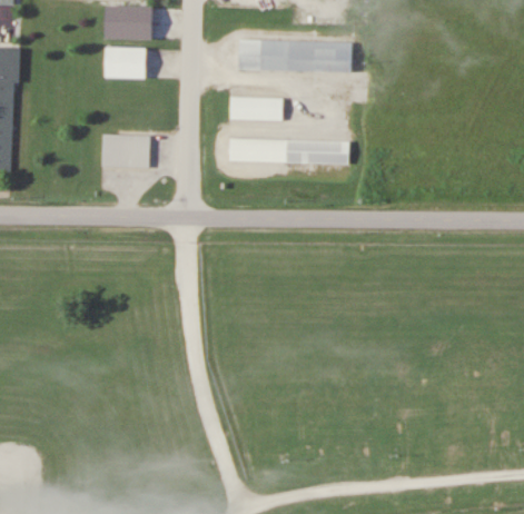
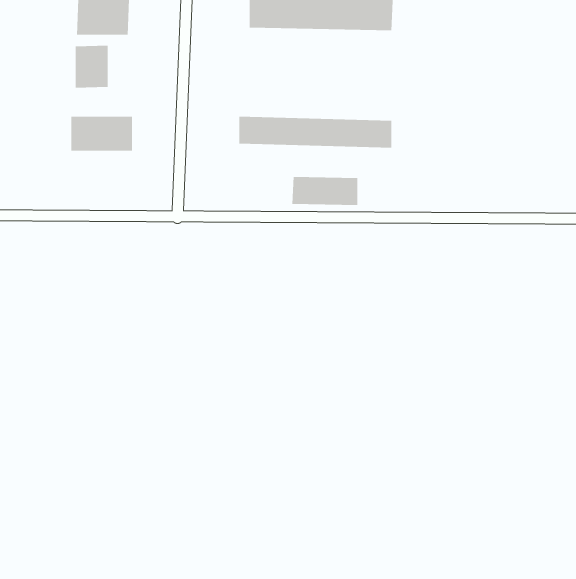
building: none -> [75,45,108,89]
building: [230,95,281,117] -> [292,177,358,206]

